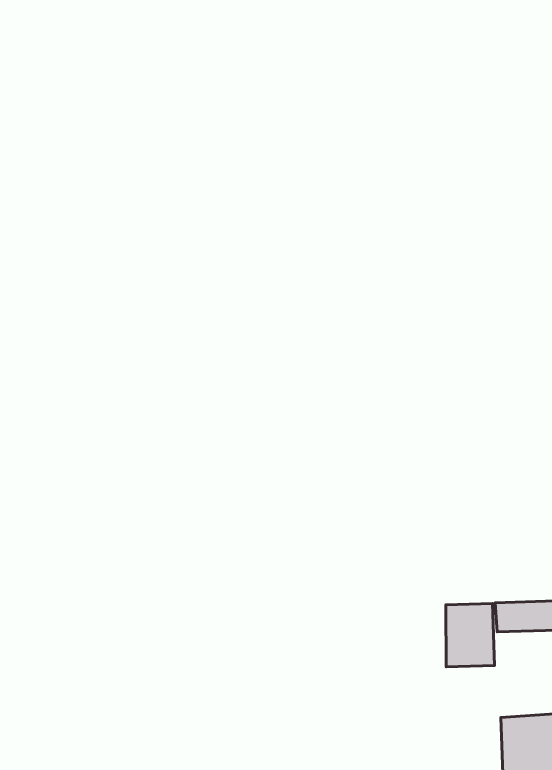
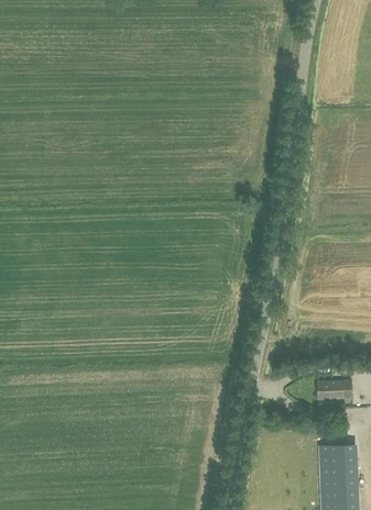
building: [446,604,495,667] -> none

